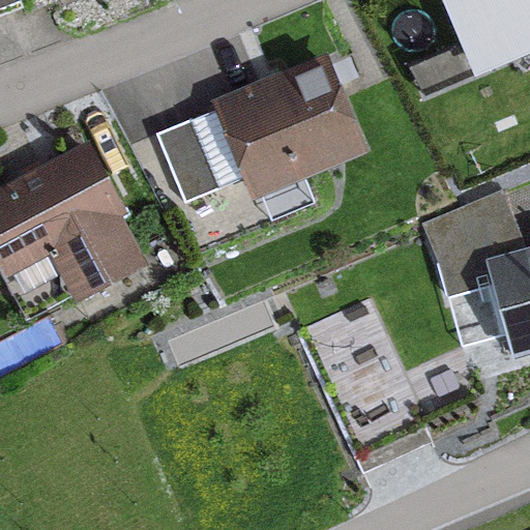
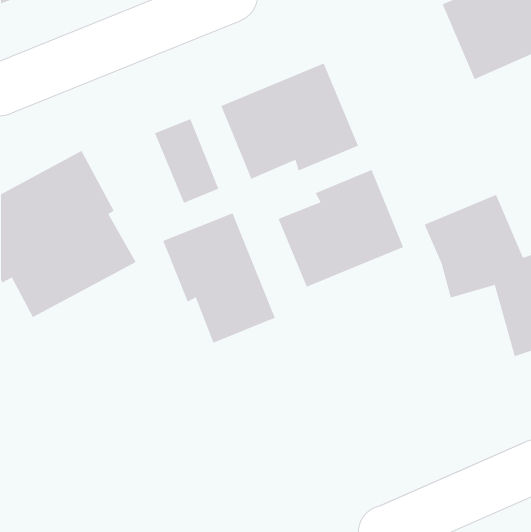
building: none -> [278,169,404,288]
building: none -> [162,212,275,343]

